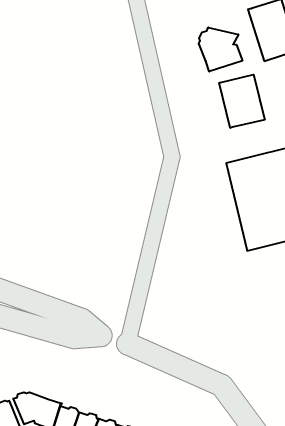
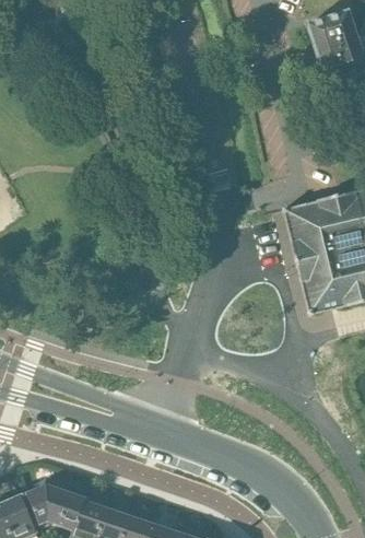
building: [199,27,242,72] -> none
building: [219,75,265,128] -> none

